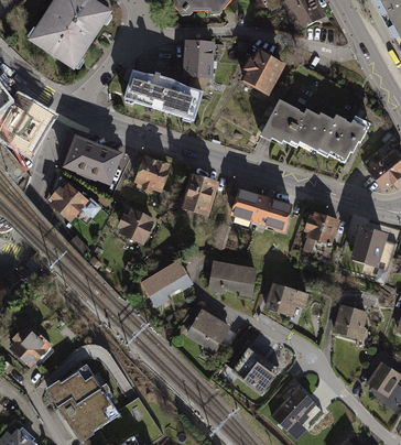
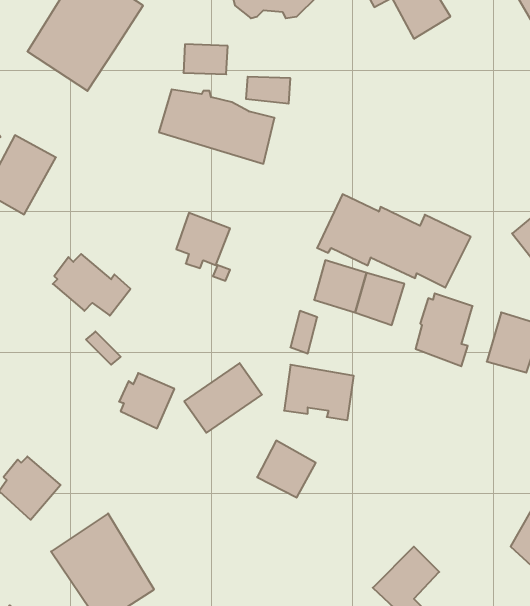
building: [183,39,214,59] -> [183,44,228,74]
building: [239,47,283,94] -> none
building: [260,97,367,162] -> [317,194,471,288]
building: [65,135,121,184] -> none
building: [178,171,218,215] -> none
building: [117,206,155,245] -> [119,373,174,428]
building: [263,282,310,317] -> none
building: [333,303,368,339] -> none
building: [232,346,280,392] -> none

